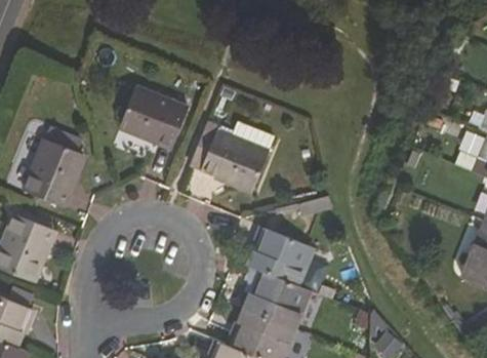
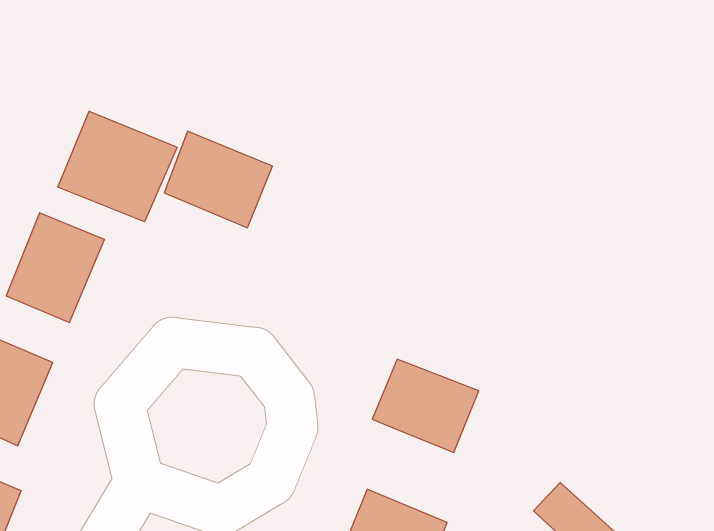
building: none -> [58,111,177,222]
building: [190,119,275,190] -> none
building: [246,270,311,328] -> none

